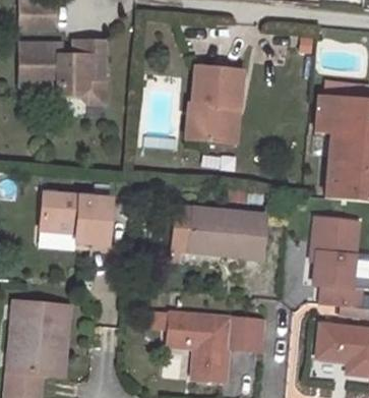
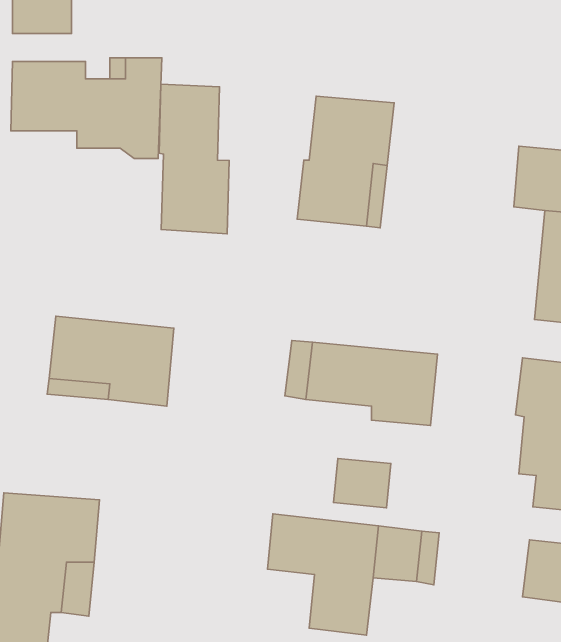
building: none -> [159,84,229,234]
building: none -> [333,458,391,508]

